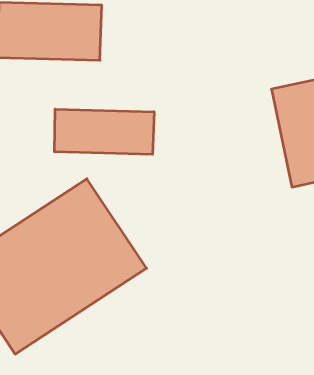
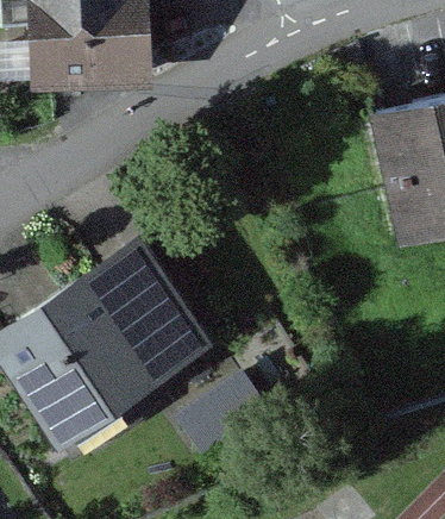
building: [54,109,154,154] -> none

